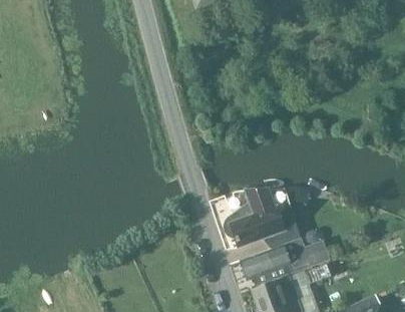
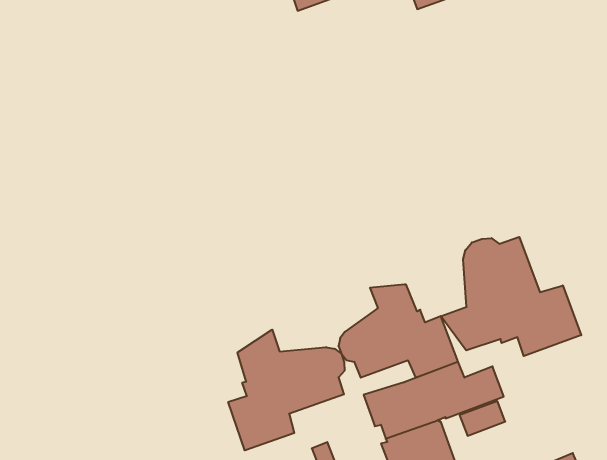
building: none -> [441,237,581,356]
building: none -> [228,330,344,450]

